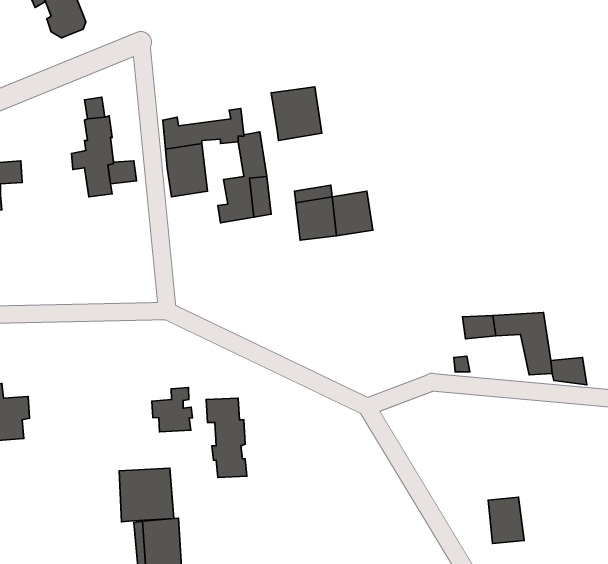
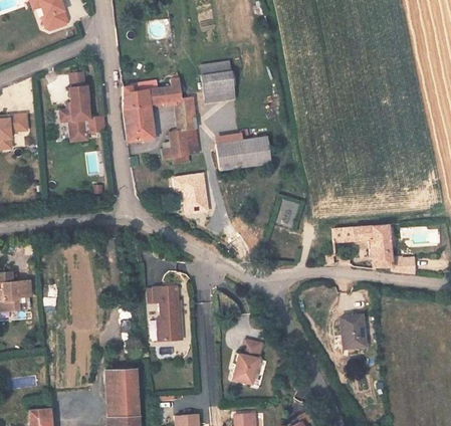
building: none -> [176,172,212,212]
building: [152,388,193,432] -> none
building: [119,468,174,522] -> none
building: none -> [232,338,262,381]
building: [488,497,524,543] -> [337,313,363,346]

